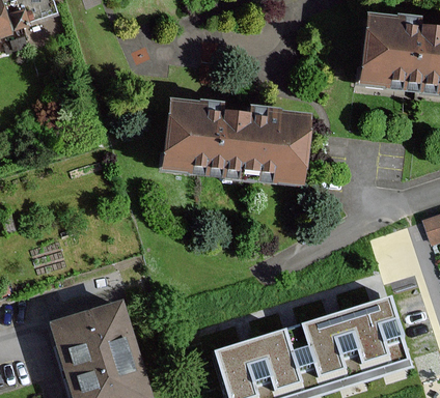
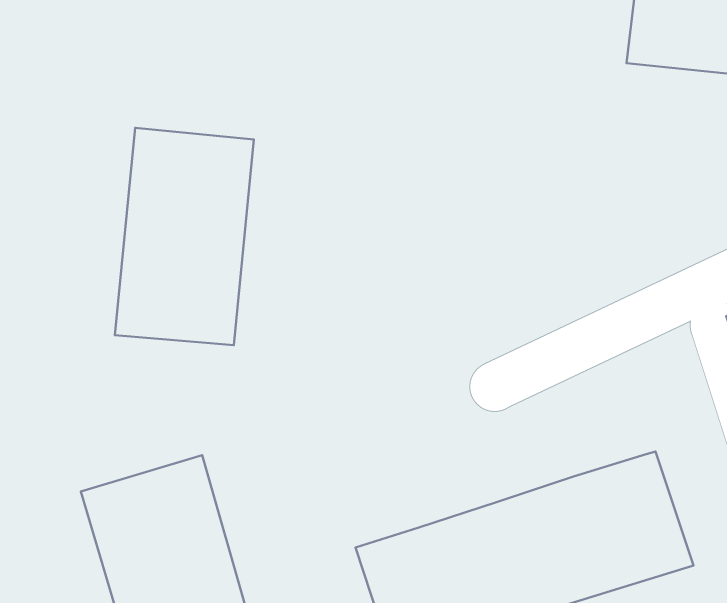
building: [166,102,310,178] -> none
building: none -> [115,128,254,345]

